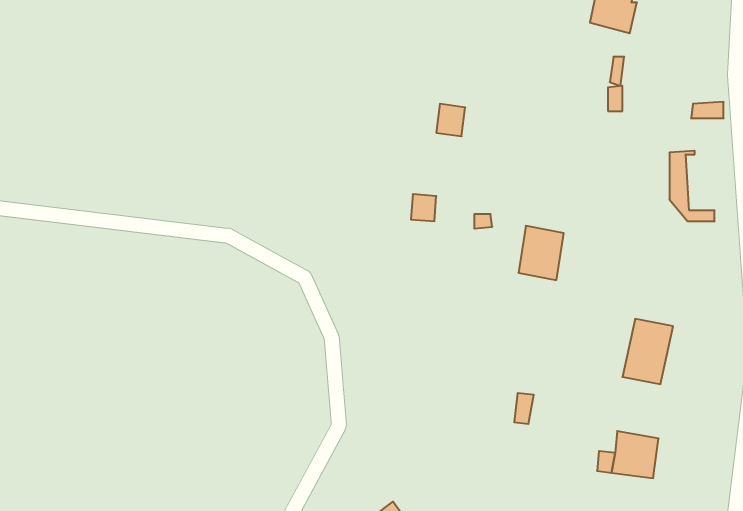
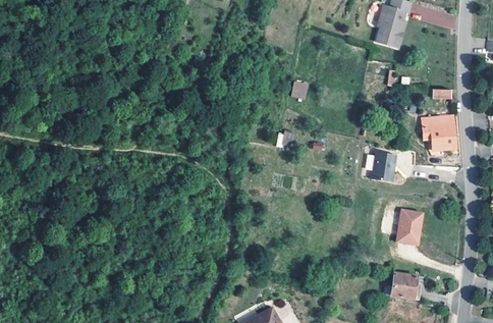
building: none -> [431,115,456,148]
building: [518,226,564,280] -> [367,150,392,180]

